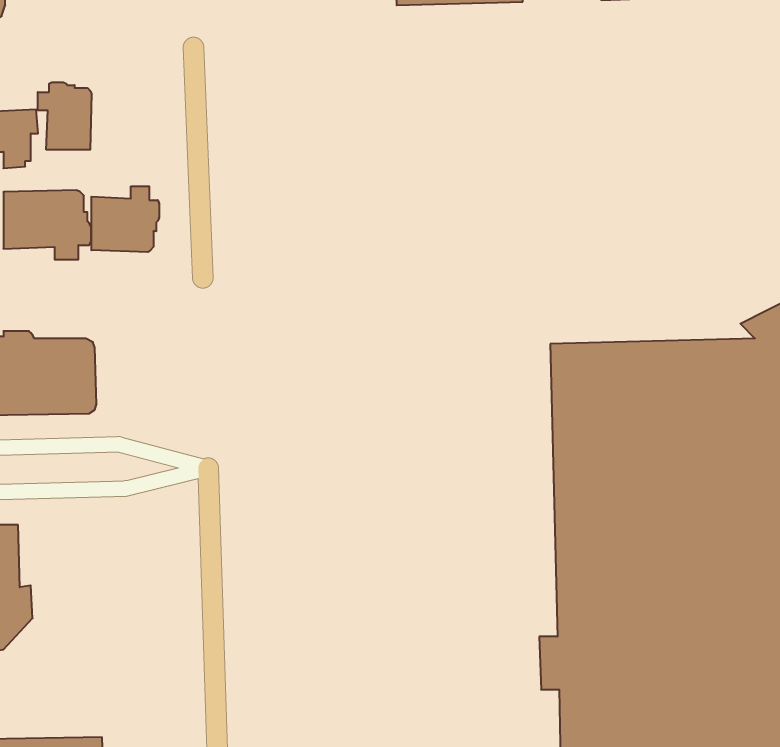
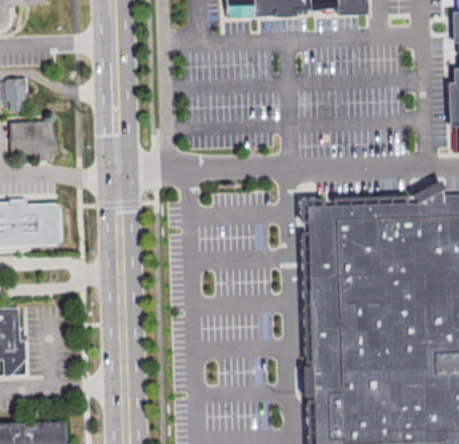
building: [38,82,92,150] -> none
building: [91,186,159,252] -> none

